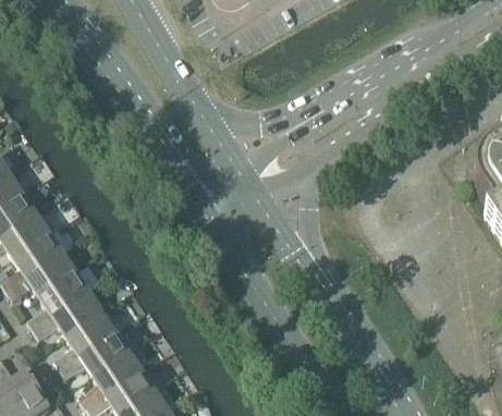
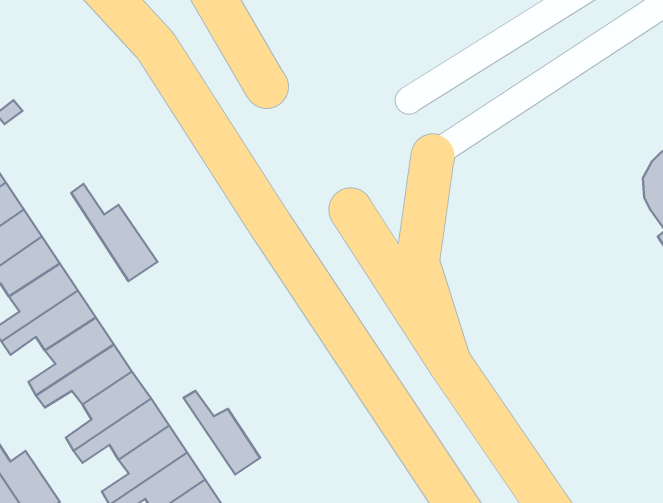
building: none -> [71,184,157,281]
building: none -> [184,391,260,474]

